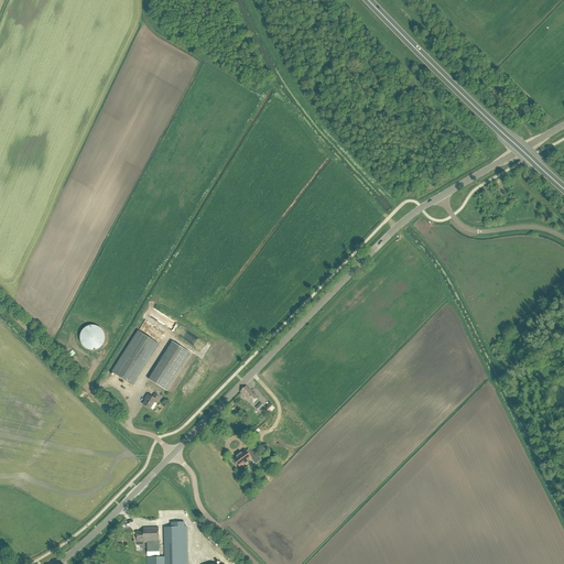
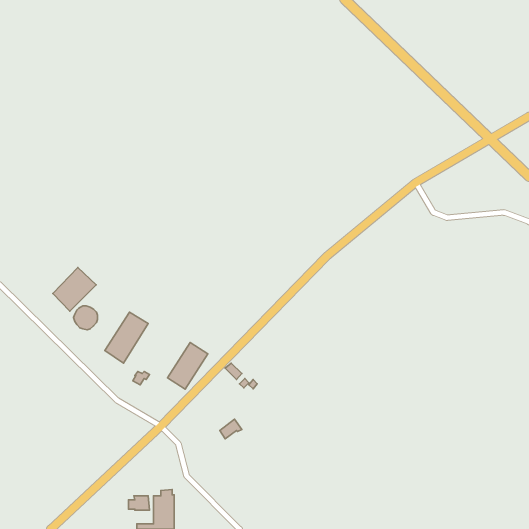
building: none -> [53,267,96,311]
building: [148,341,191,391] -> [168,342,208,389]

